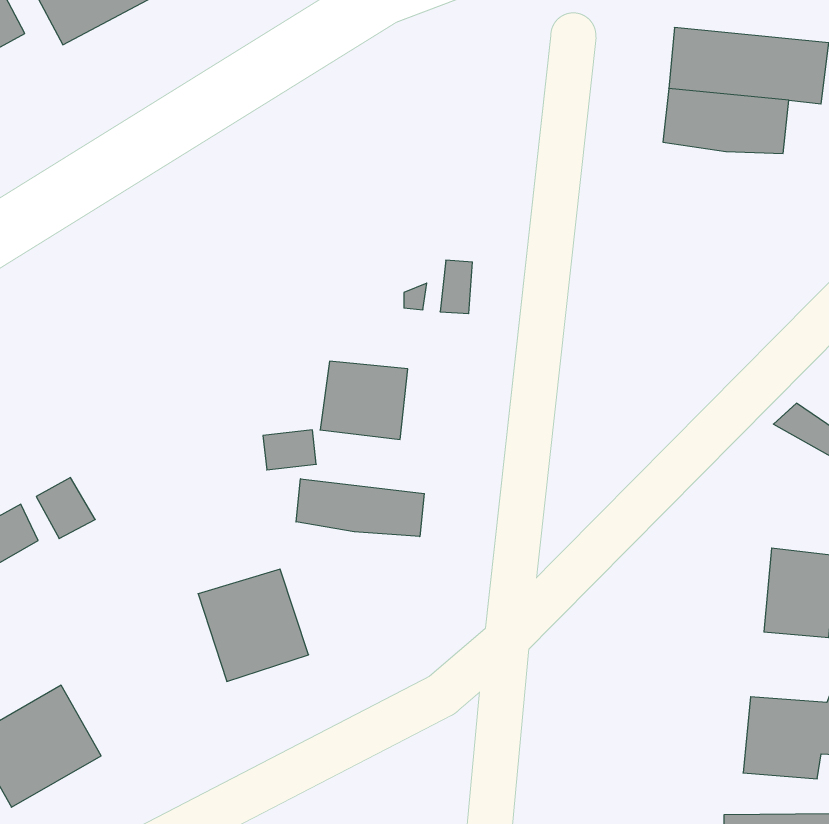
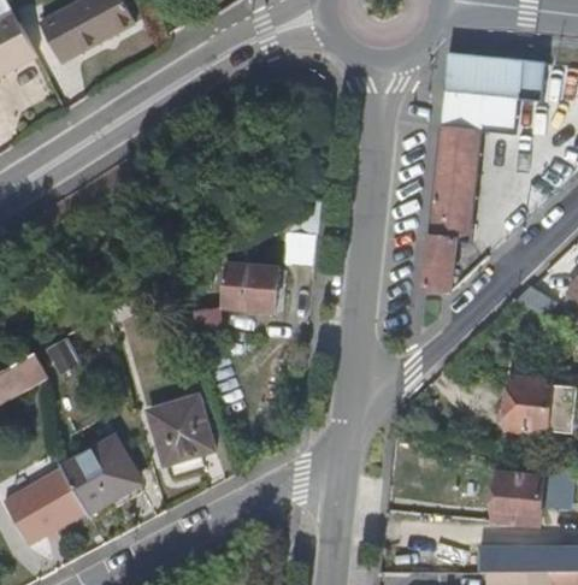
building: none -> [424,124,480,289]
building: [296,479,424,537] -> none
building: none -> [60,436,141,512]

